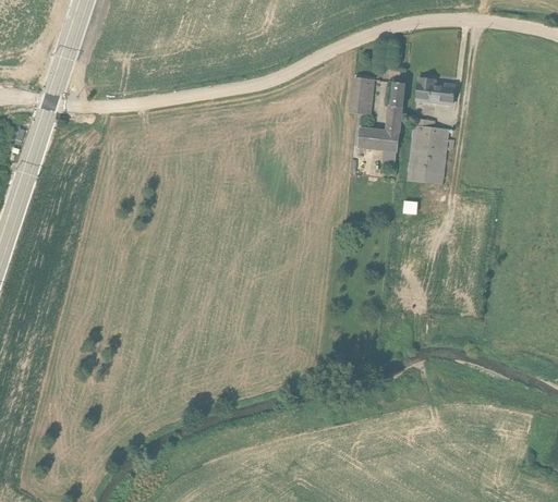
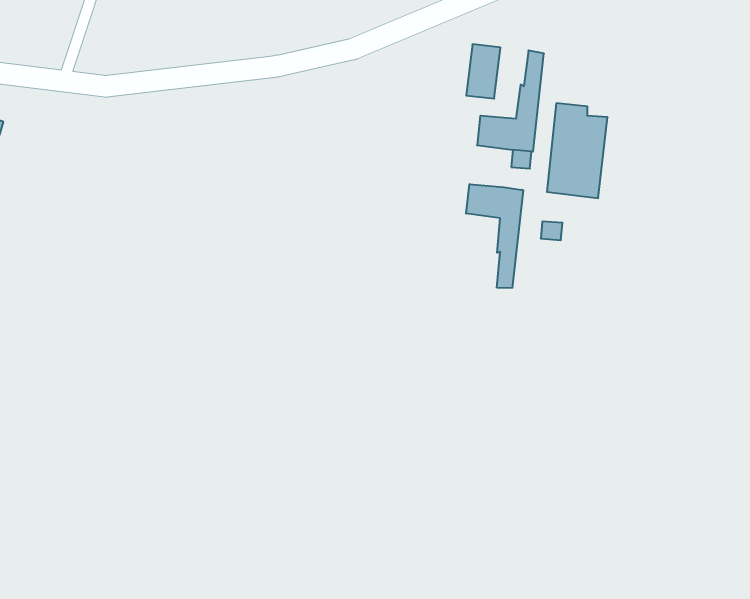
building: [416,77,454,105] -> none
building: none -> [466,184,523,288]

